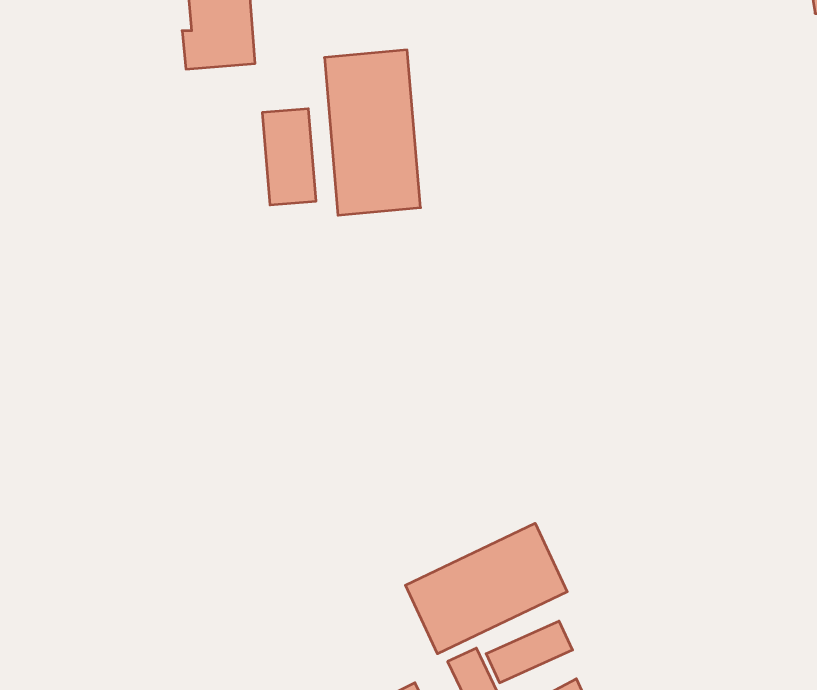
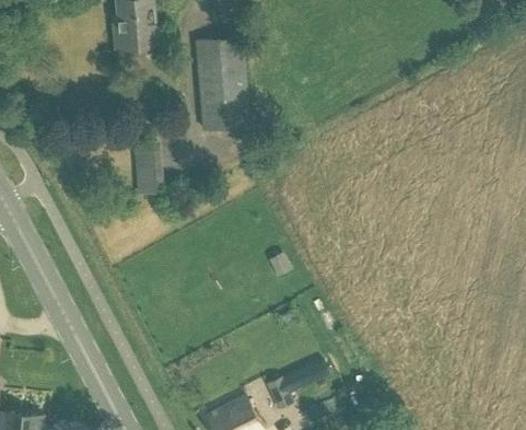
building: [262,109,316,205] -> [132,139,163,194]
building: [405,523,567,654] -> none

